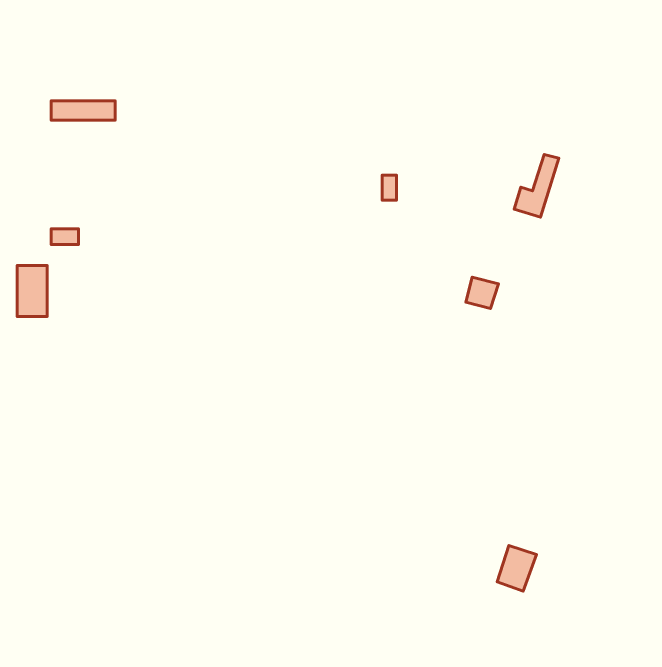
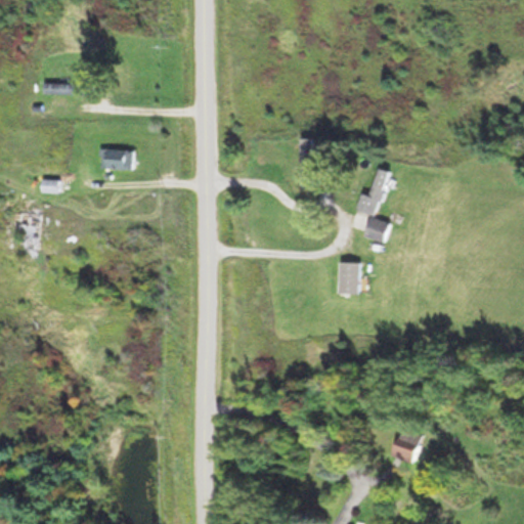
building: [514,154,559,217] -> [356,168,391,217]
building: none -> [105,150,132,170]
building: none -> [339,262,359,294]

